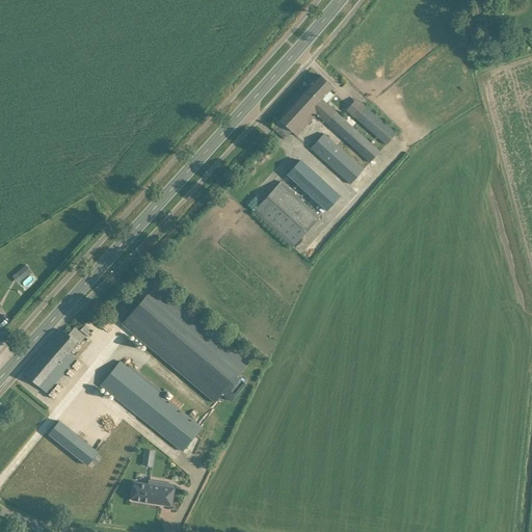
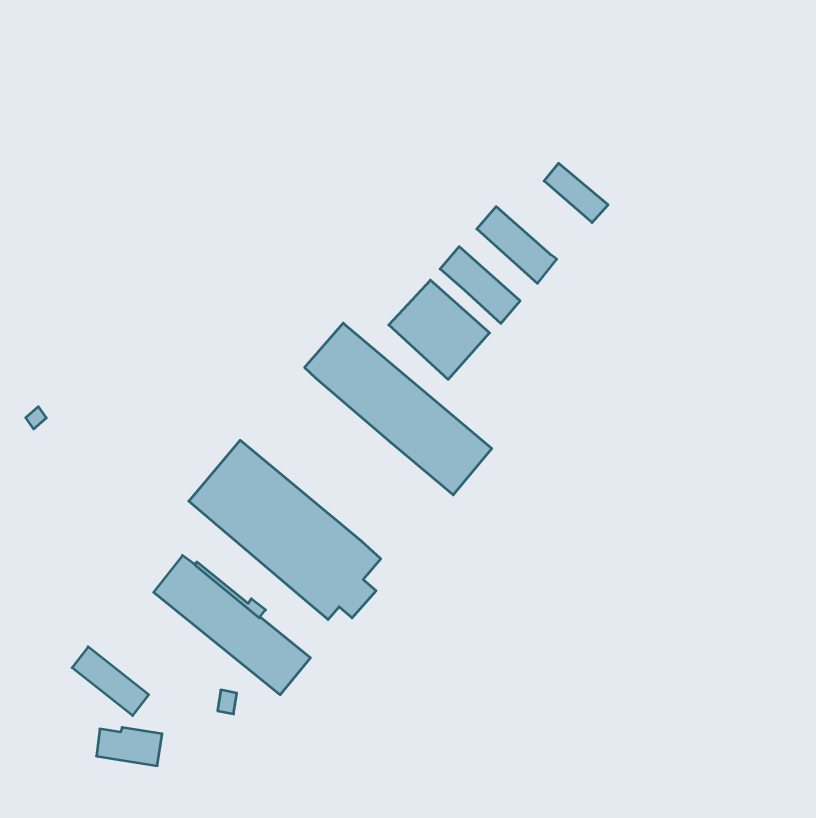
building: [269,75,378,162] -> none
building: none -> [305,323,492,495]
building: [24,327,83,394] -> none
building: [130,481,172,506] -> [96,727,162,766]

